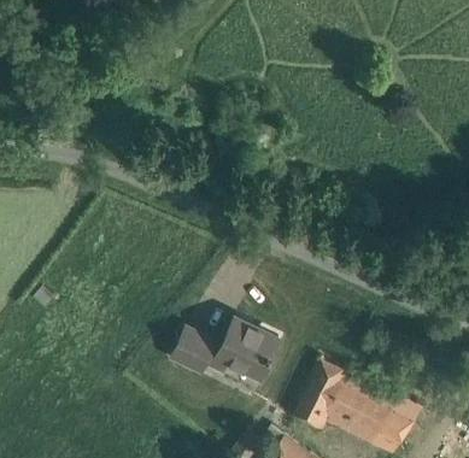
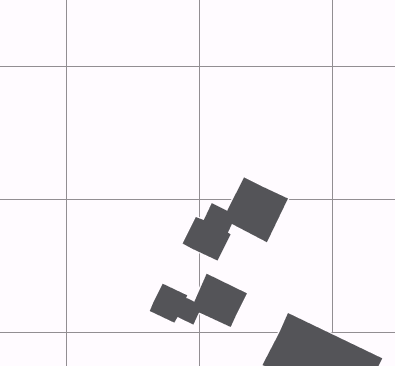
building: none -> [182,177,289,261]

